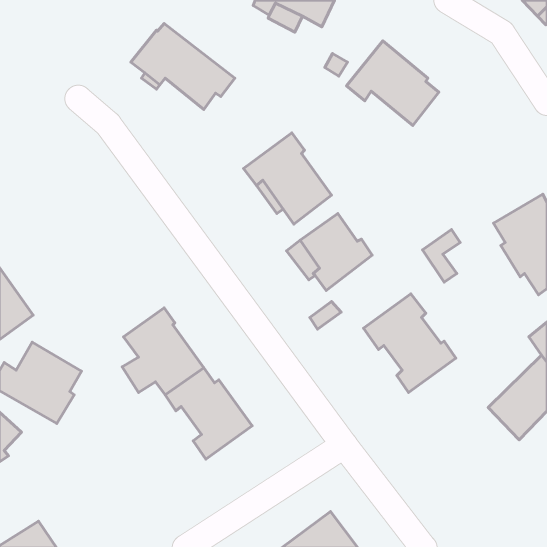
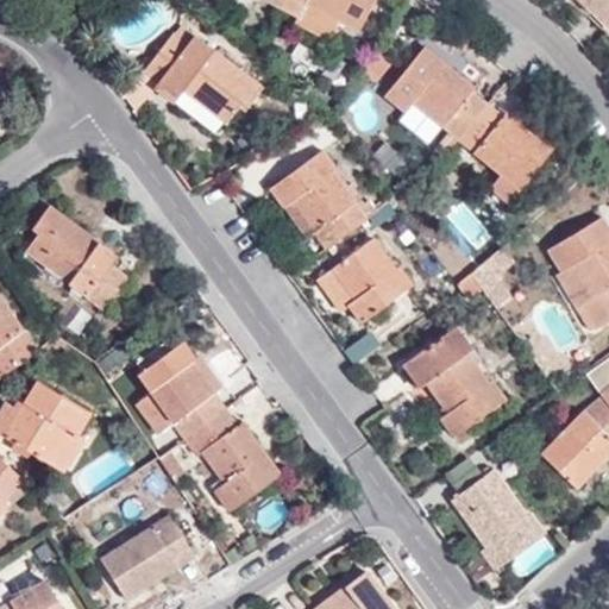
building: none -> [458,103,553,203]
building: none -> [24,207,127,312]
building: none -> [453,470,545,570]
building: none -> [101,515,194,599]

